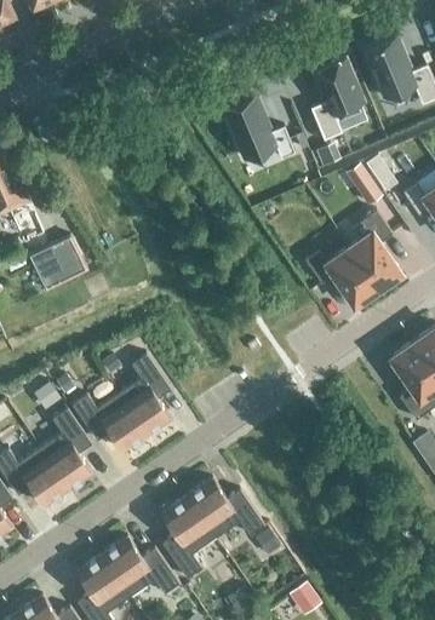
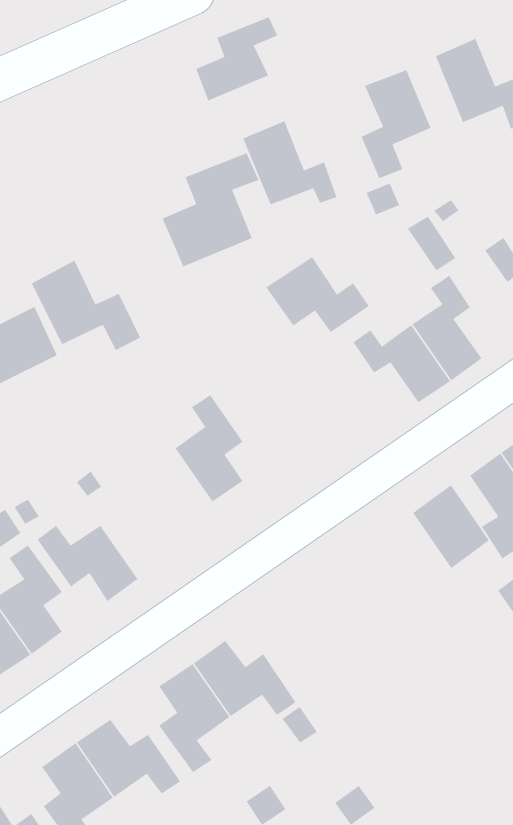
building: none -> [195,16,278,101]
building: none -> [161,152,260,267]
building: none -> [265,256,370,333]
building: none -> [31,260,141,351]
building: [120,354,171,434] -> [174,394,244,503]
building: none -> [412,484,490,569]

